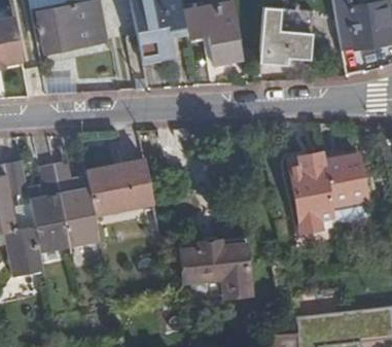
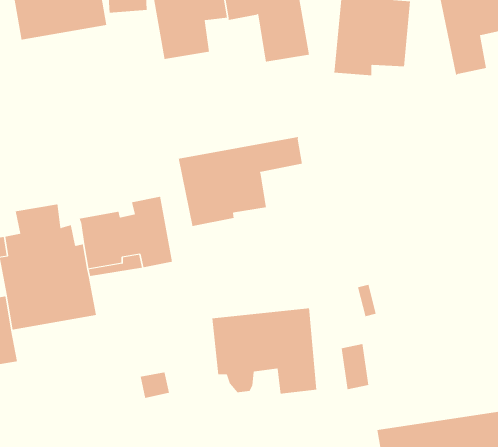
building: none -> [178,136,303,227]
building: [293,154,369,233] -> none

